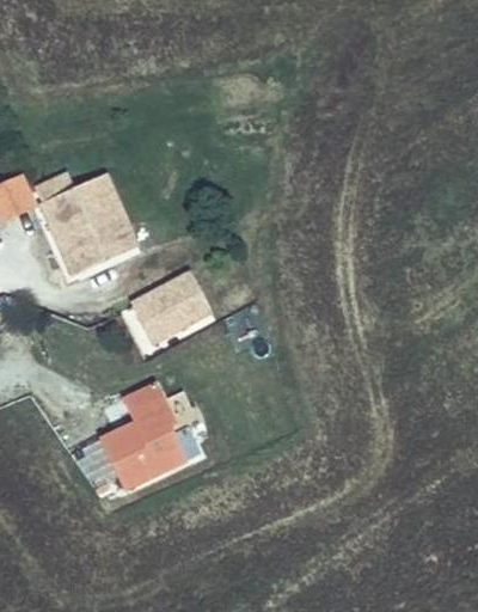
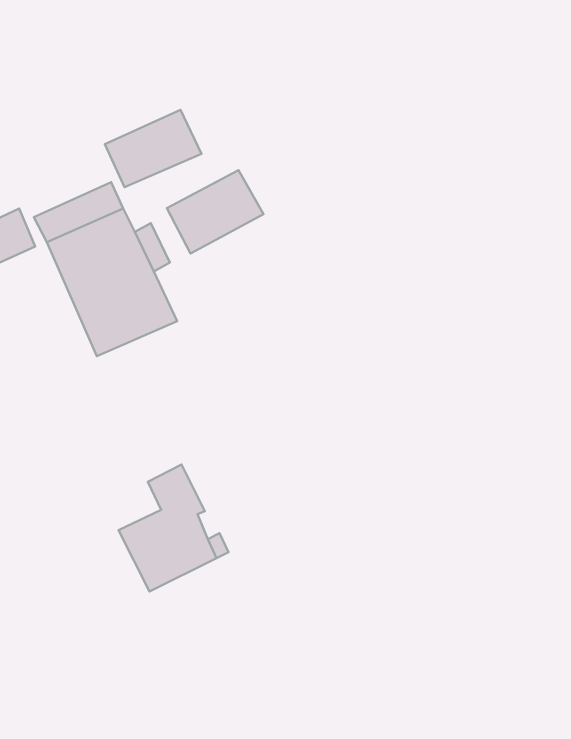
building: none -> [105,110,201,187]
building: [129,275,208,343] -> [167,170,264,254]

